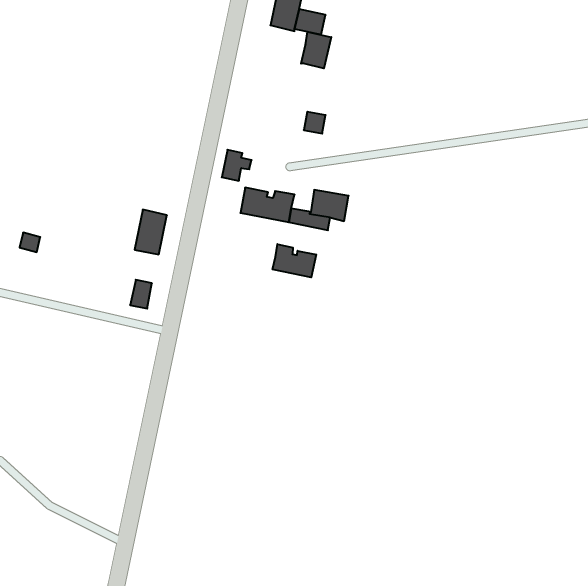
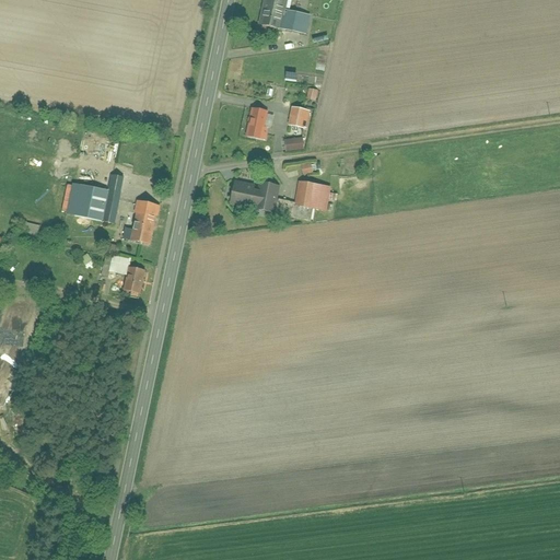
building: [301,32,331,68] -> none
building: [222,150,252,181] -> [247,108,276,138]
building: none -> [67,175,124,222]
building: [273,244,316,277] -> none

